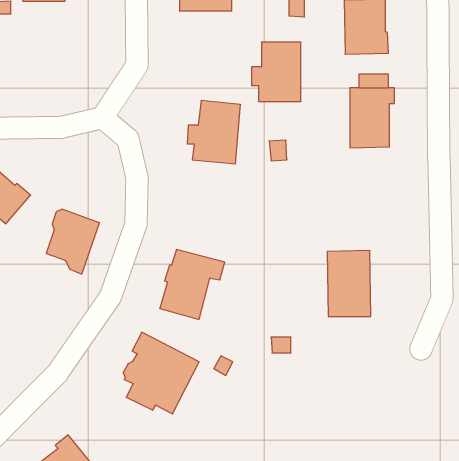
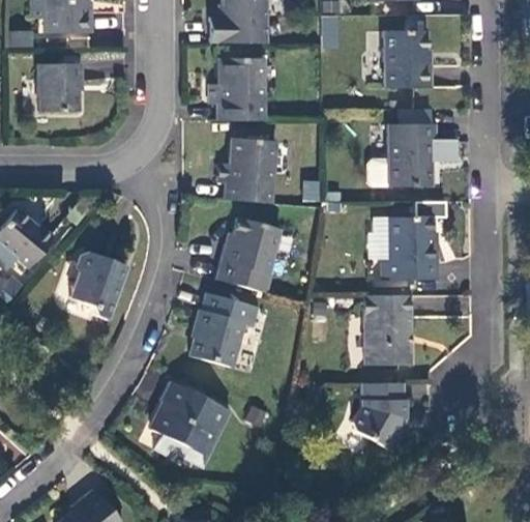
building: none -> [38,63,82,111]
building: [252,42,301,101] -> [210,58,262,120]
building: none -> [382,216,436,279]
building: none -> [216,218,281,293]
building: none -> [353,382,406,448]

